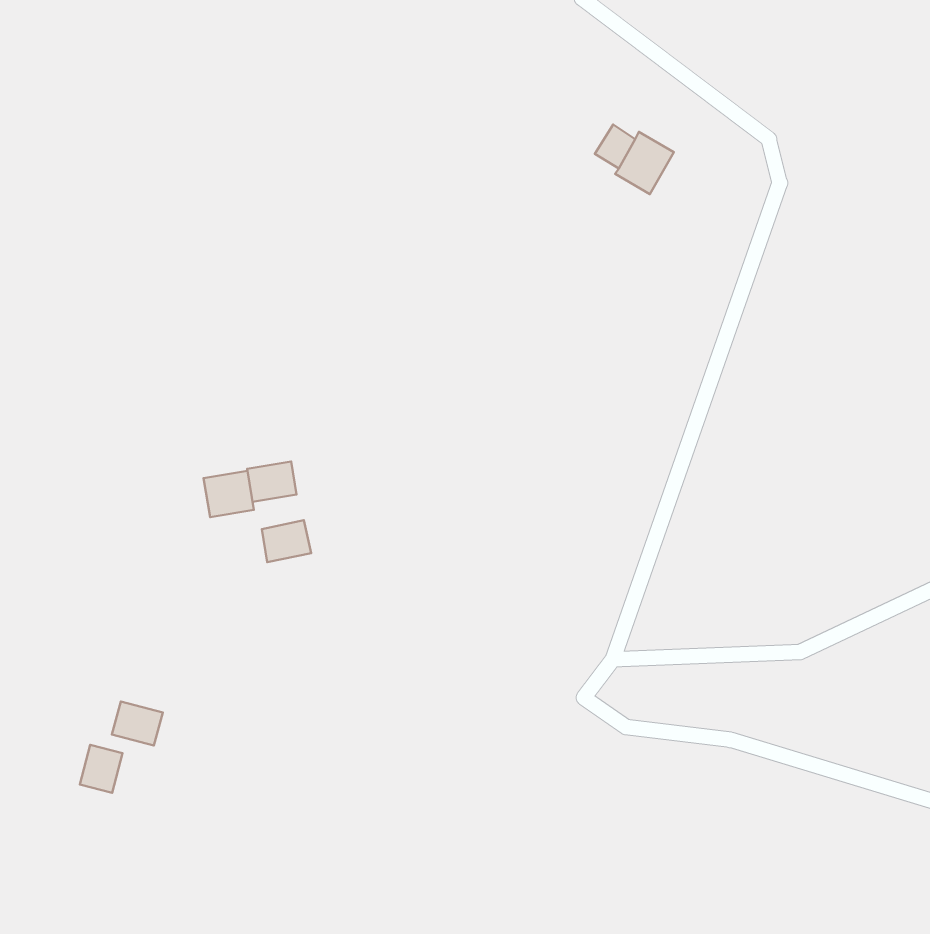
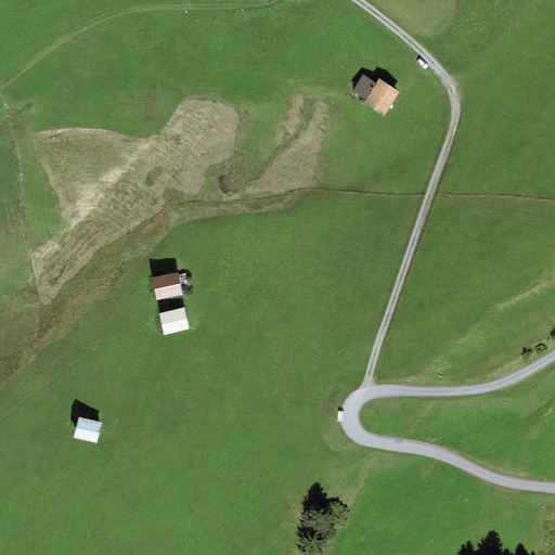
building: [204,471,254,517] -> none
building: [80,745,122,793] -> none

